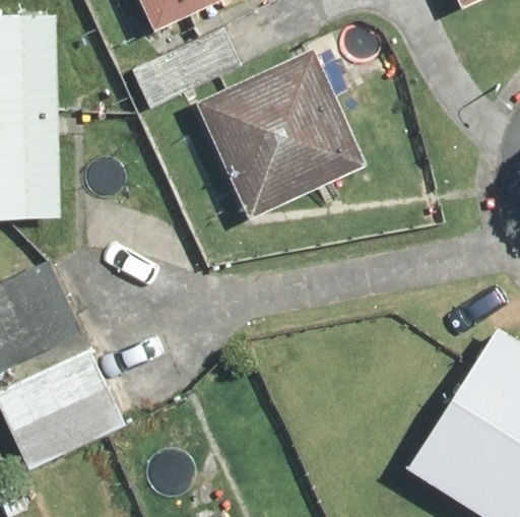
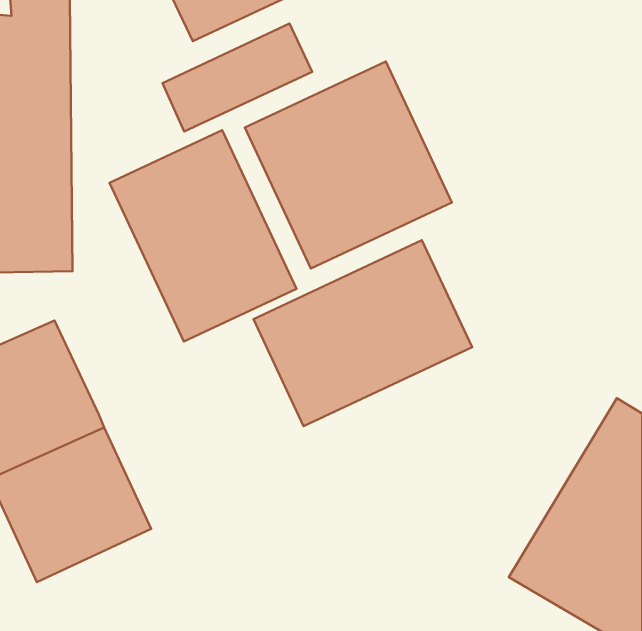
building: none -> [110,130,297,342]
building: none -> [253,240,472,426]

